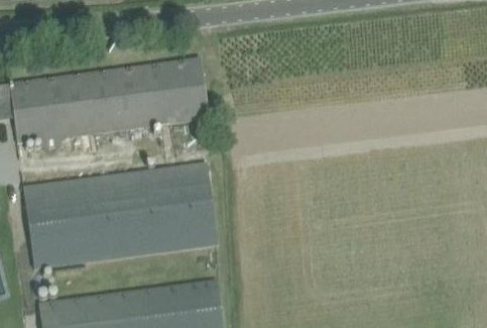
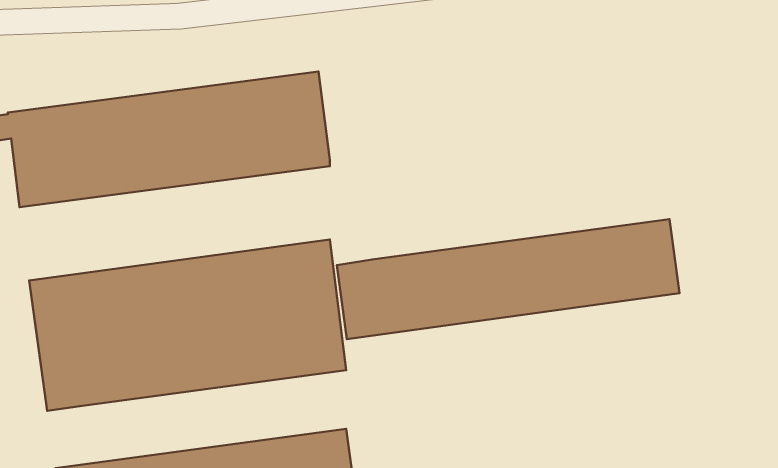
building: none -> [337,219,680,339]

